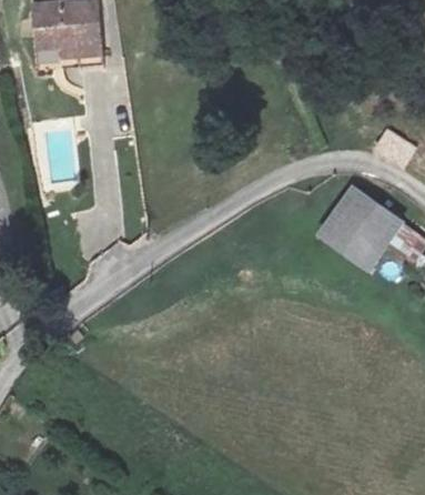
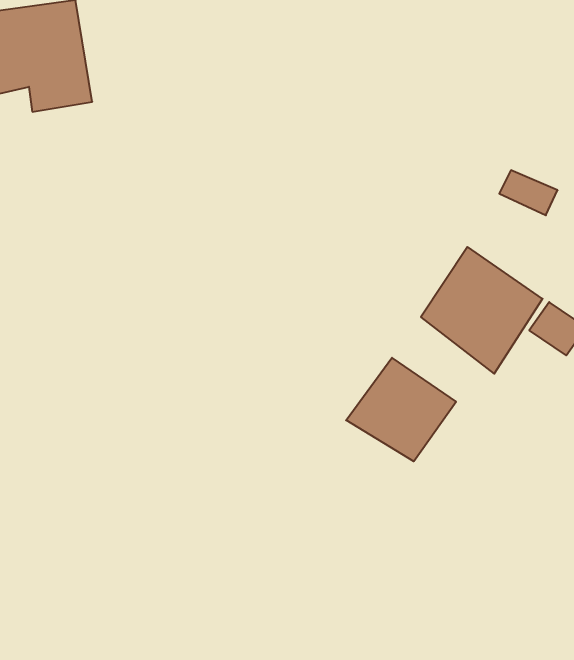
building: none -> [346,358,456,461]

